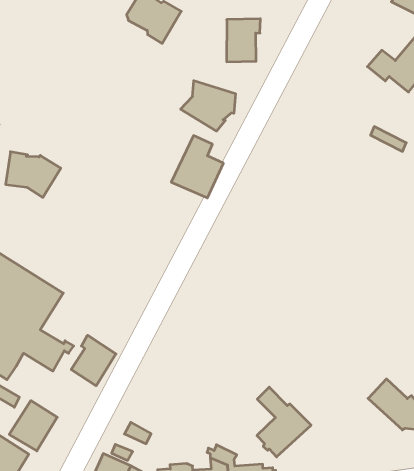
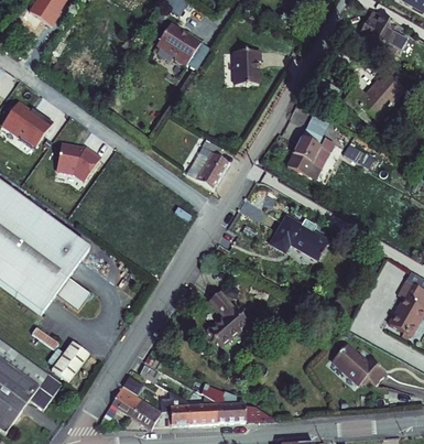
building: [181,81,235,131] -> none
building: none -> [286,124,336,177]
building: none -> [271,215,328,257]
building: [71,335,116,386] -> none
building: [257,387,311,457] -> [206,290,249,345]

